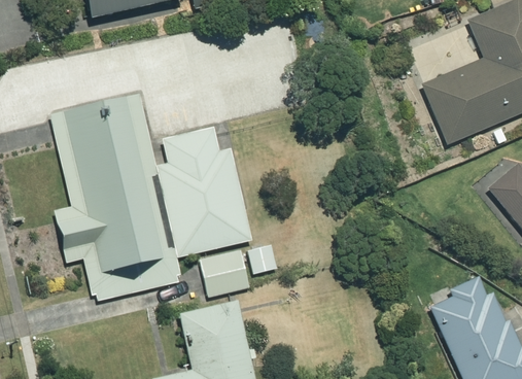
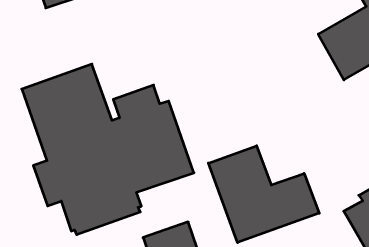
building: none -> [208,146,319,243]
building: [199,248,249,297] -> none

